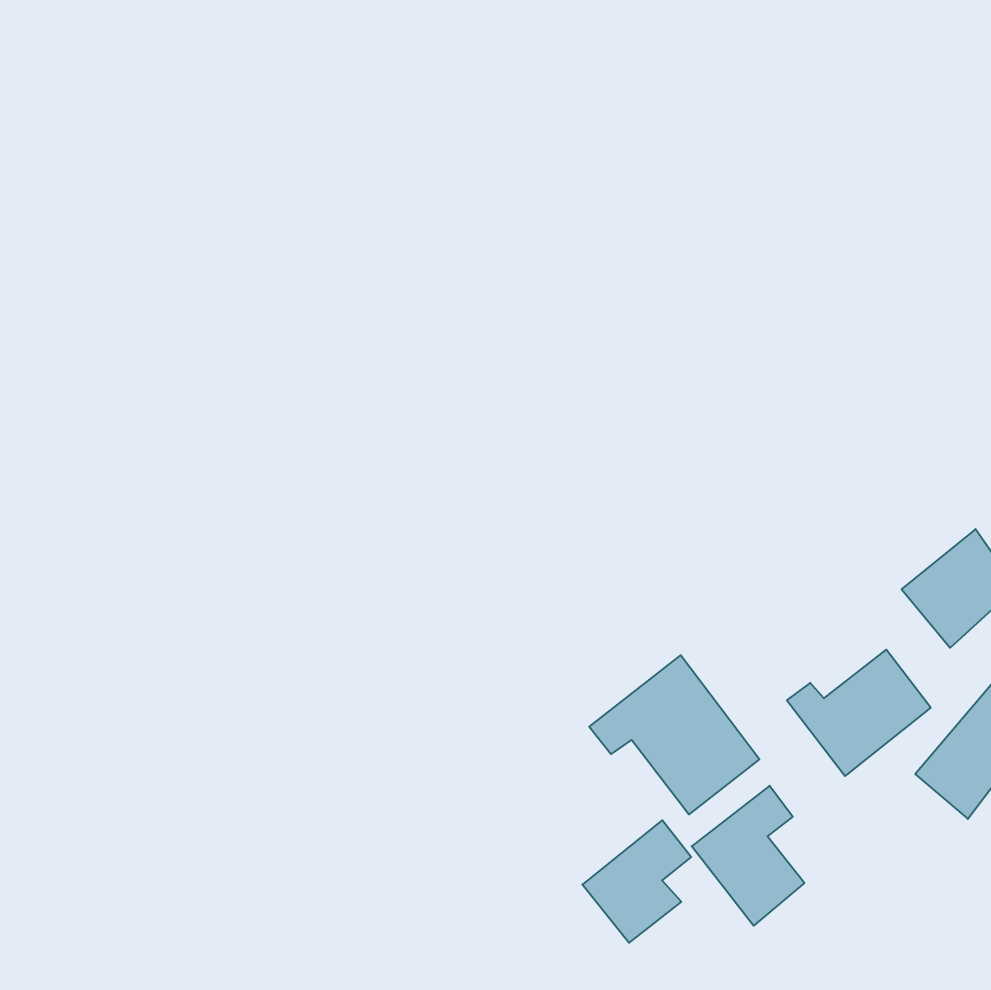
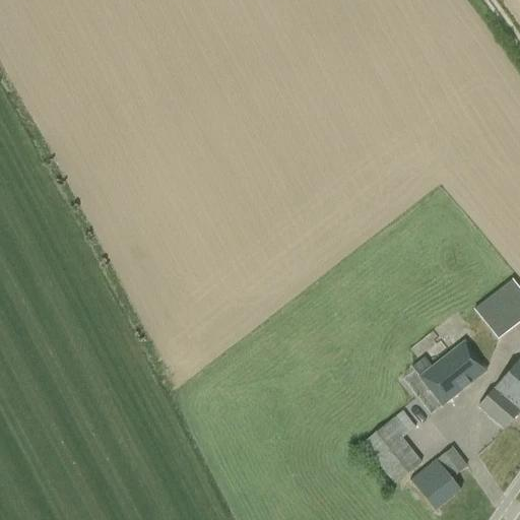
building: [589,655,759,814] -> none
building: [582,820,691,943] -> [410,446,467,510]

